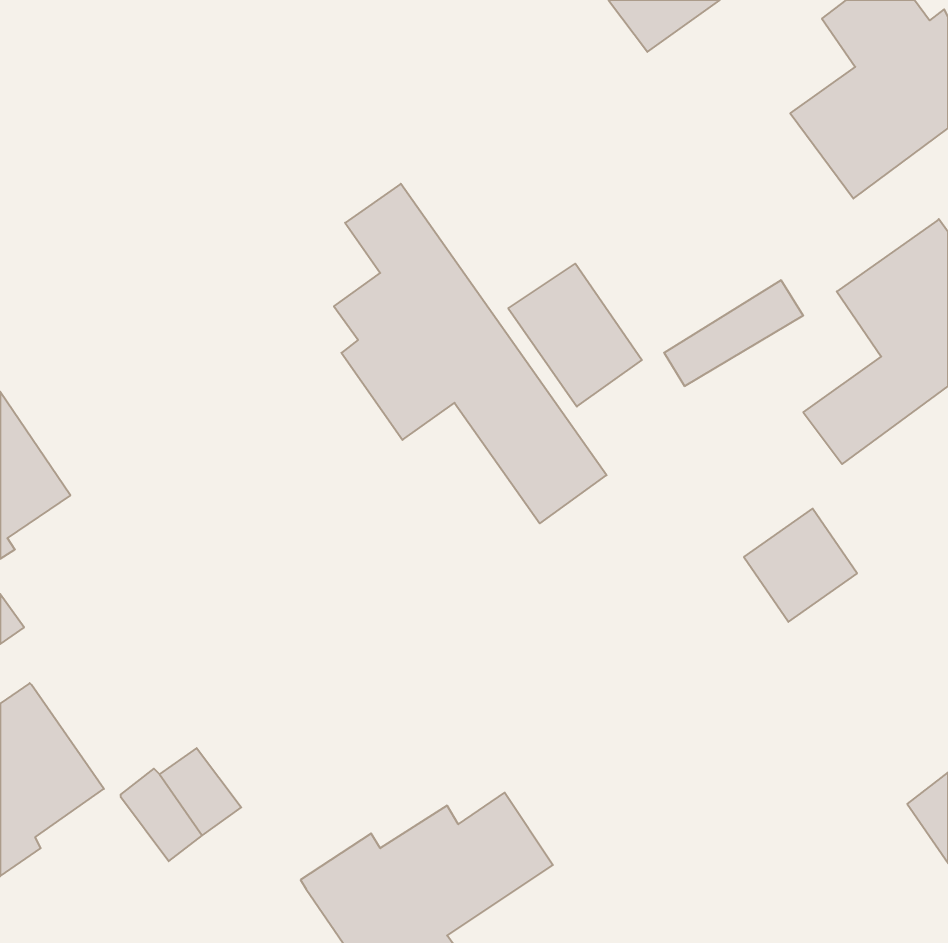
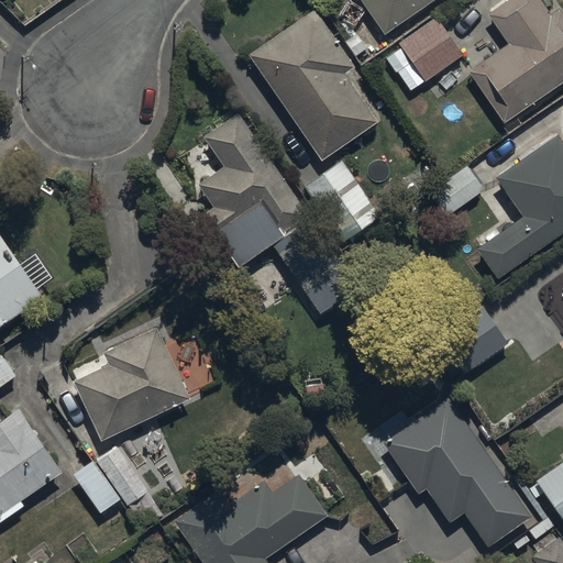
building: none -> [247,8,379,161]
building: none -> [396,15,464,82]
building: none -> [73,328,190,441]
building: none -> [385,399,531,548]

